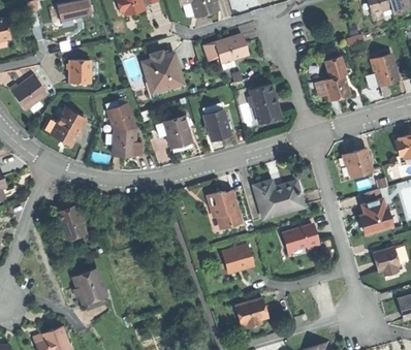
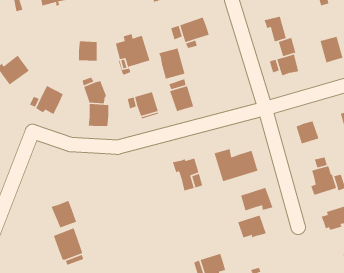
building: none -> [264,16,287,43]
building: [69,59,91,83] -> [78,40,98,62]
building: [250,84,281,120] -> [158,47,186,80]
building: [56,205,86,237] -> [50,200,77,229]
building: [221,244,254,271] -> [237,215,267,238]

